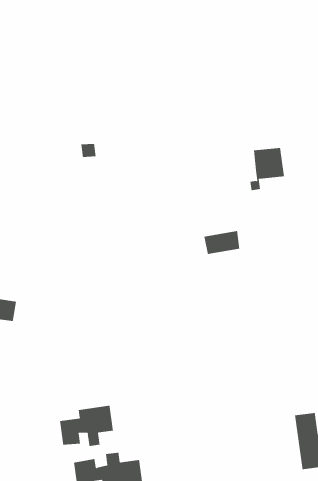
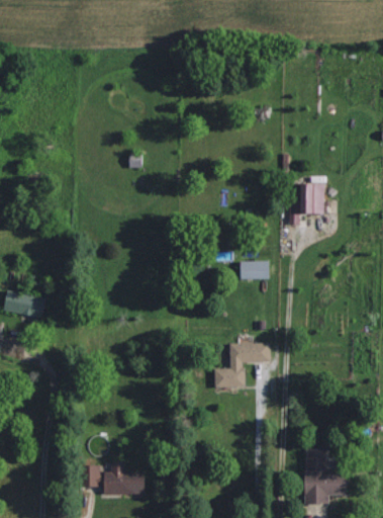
building: none -> [214,342,271,387]
building: [59,405,114,447] -> none

